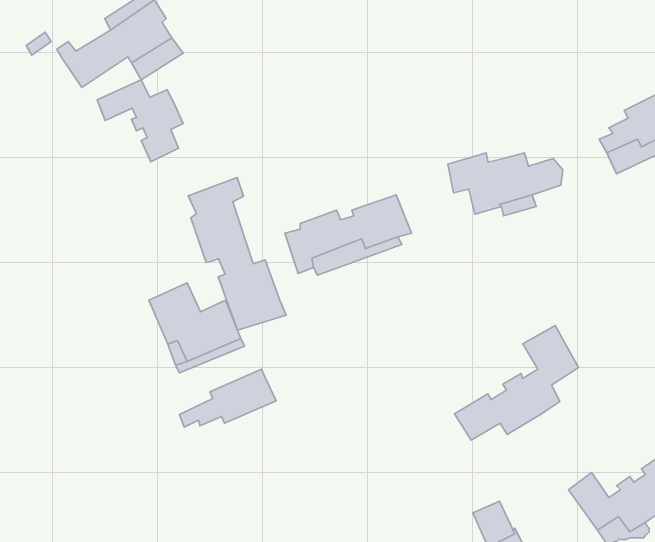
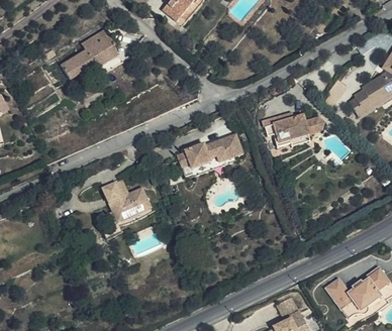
building: [97,80,183,162] -> none
building: [188,177,286,330] -> none
building: [454,325,578,440] -> none
building: [180,369,276,427] -> none

